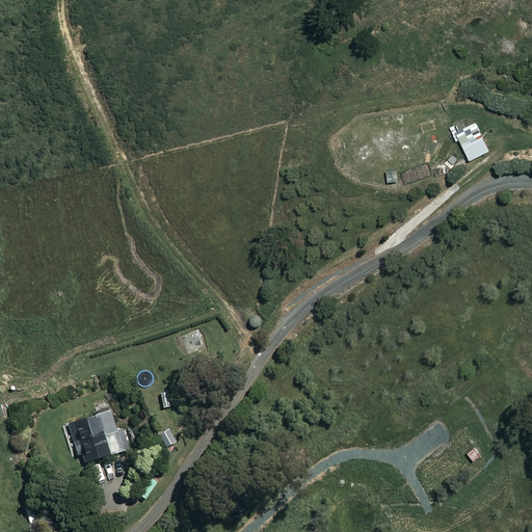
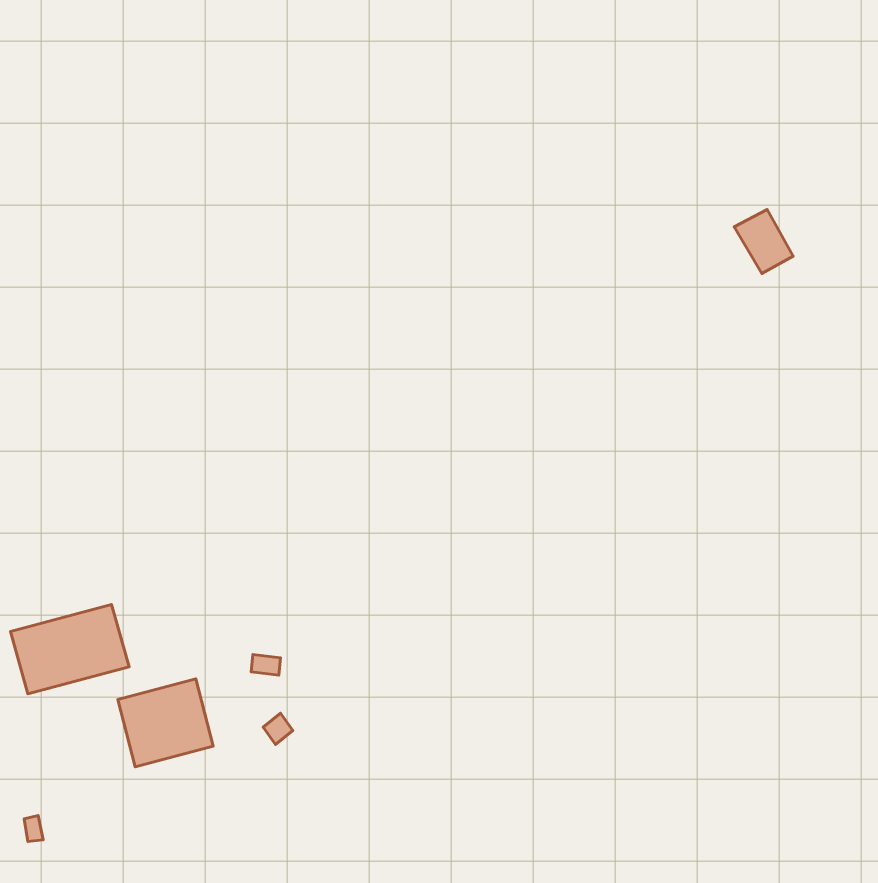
building: none -> [10,604,129,694]

